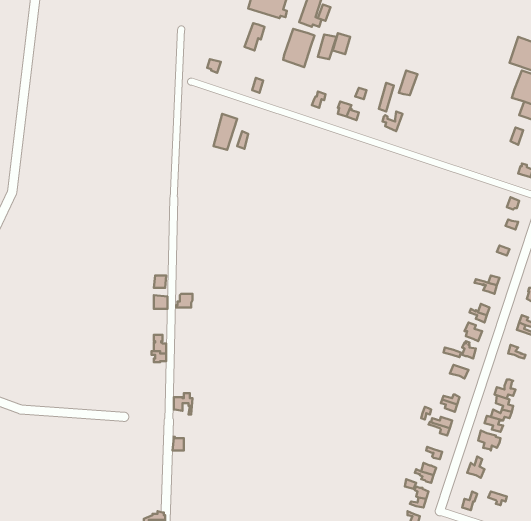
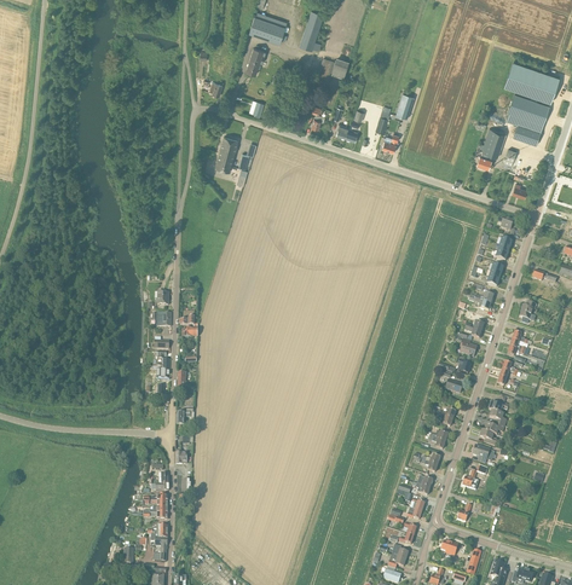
building: [283,29,315,67] -> none
building: none -> [476,128,505,168]

